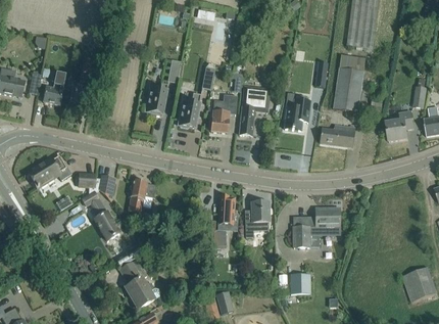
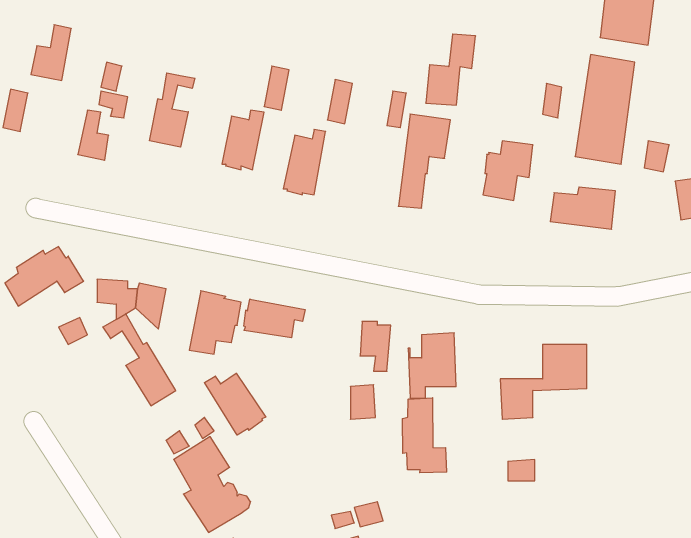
building: none -> [150,73,195,147]
building: [43,75,64,104] -> [31,25,71,80]
building: [210,94,237,132] -> [426,34,476,105]
building: none -> [244,299,305,338]
building: none -> [204,373,266,435]
building: none -> [402,398,447,473]

